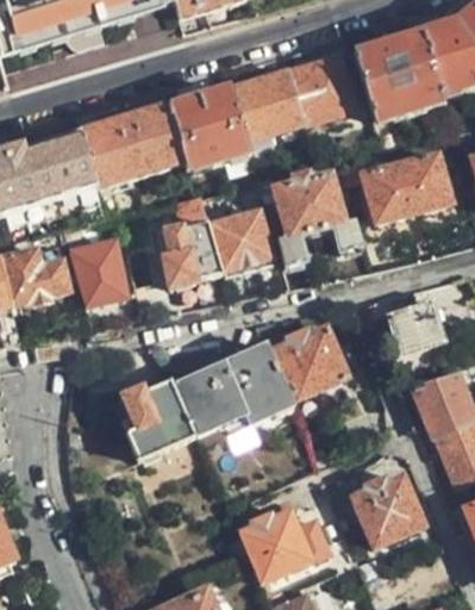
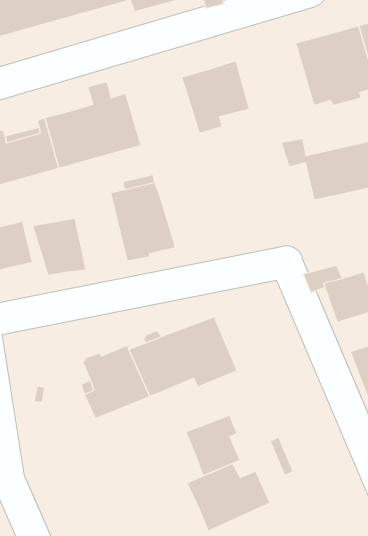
building: [289,55,354,123] -> none
building: [169,86,249,160] -> none
building: [275,174,364,266] -> none
building: [208,211,271,268] -> none
building: [274,328,346,399] -> none
building: none -> [186,415,240,476]
building: [354,477,423,548] -> none

